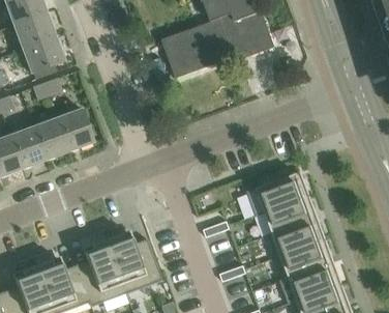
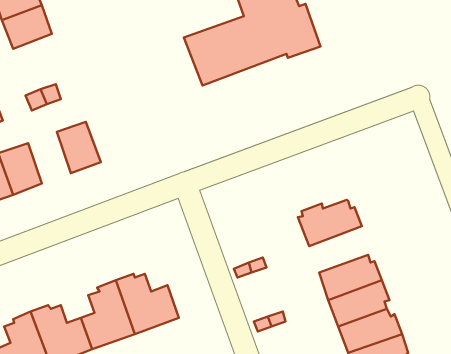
building: [21,36,62,73] -> none
building: [33,117,68,160] -> none
building: [265,195,315,233] -> none

